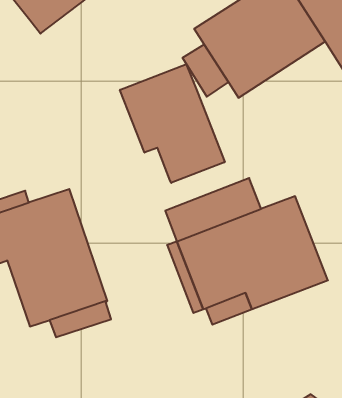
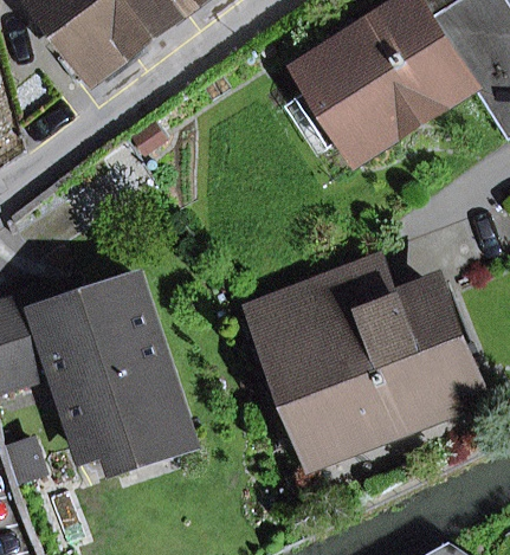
building: [120,64,225,183] -> none

